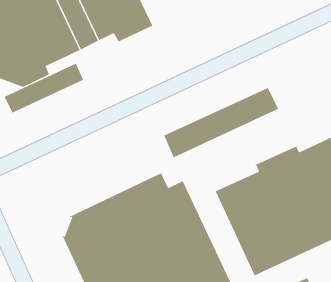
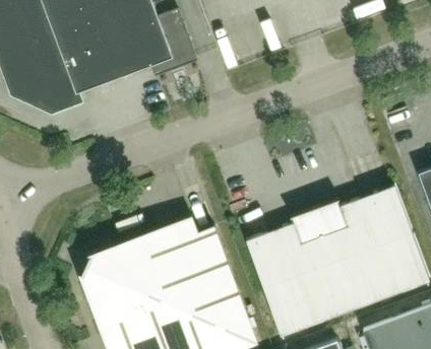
building: [4,63,84,113] -> none
building: [163,87,279,158] -> none

